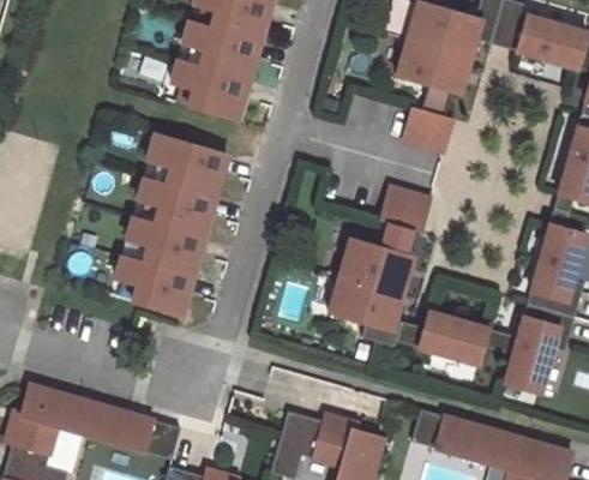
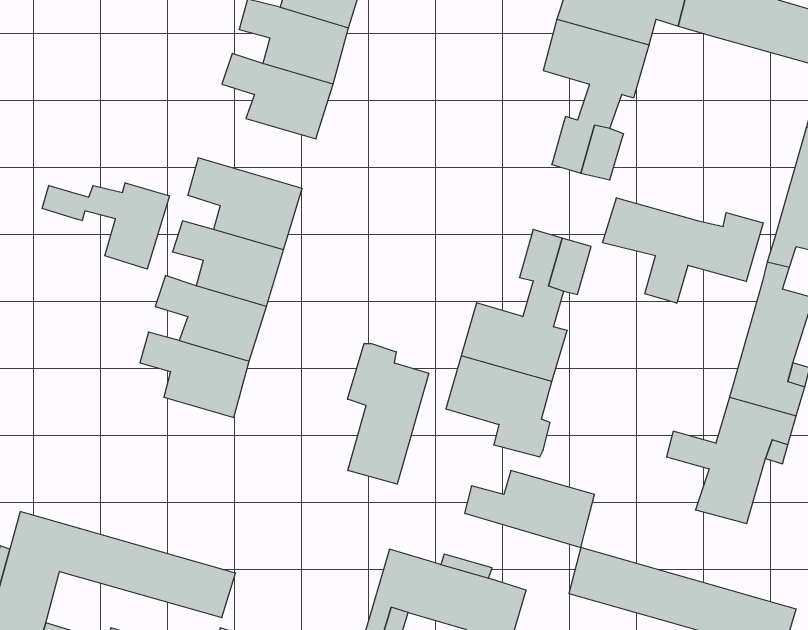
building: none -> [42,183,169,269]
building: none -> [603,198,763,303]
building: none -> [347,343,429,484]
building: [397,311,488,365] -> [465,471,595,547]

